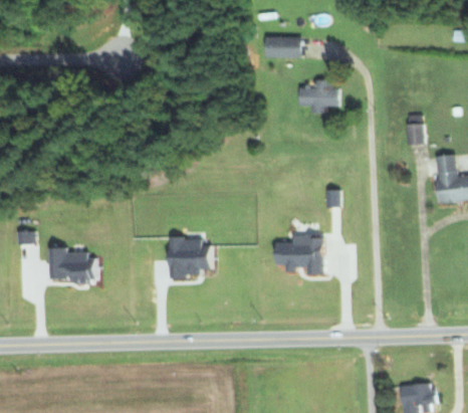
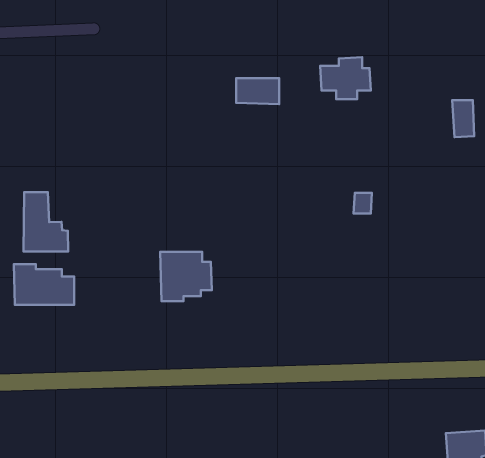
building: [265,37,300,58] -> [236,78,279,104]
building: none -> [24,192,68,252]
building: [274,235,323,275] -> none

